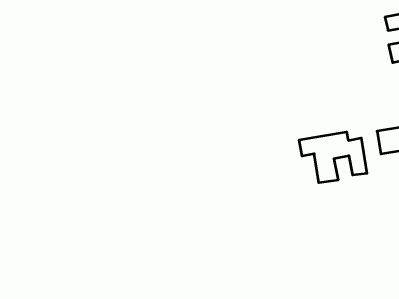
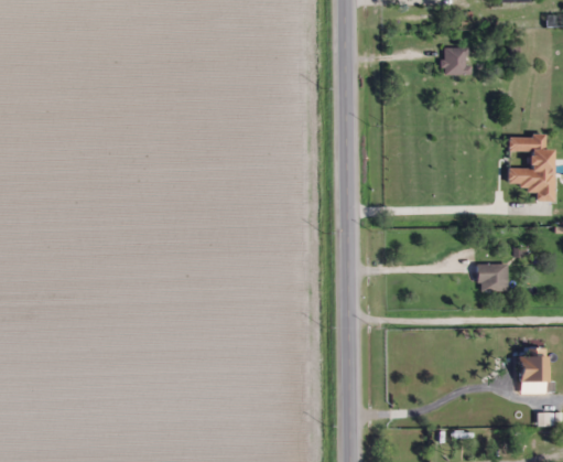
building: [299,132,367,183] -> none

